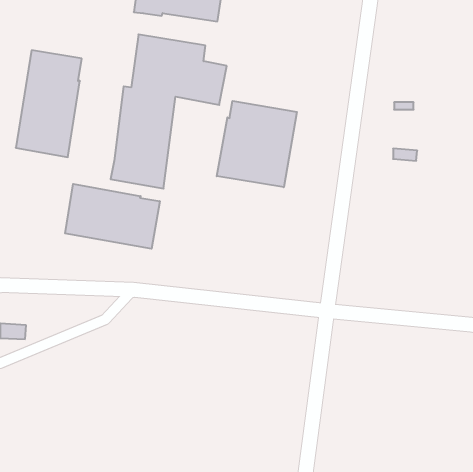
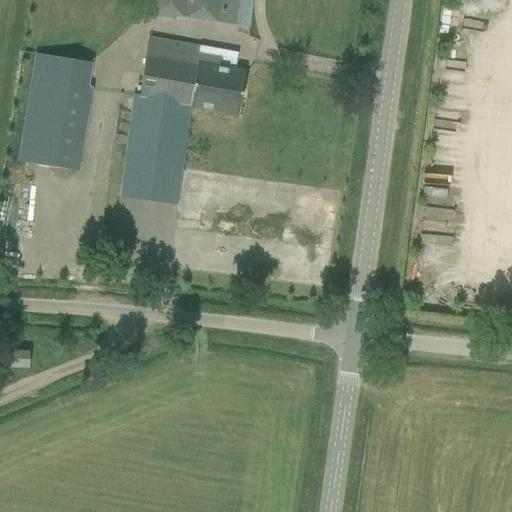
building: [217,101,297,187] -> none
building: [65,184,160,249] -> none

